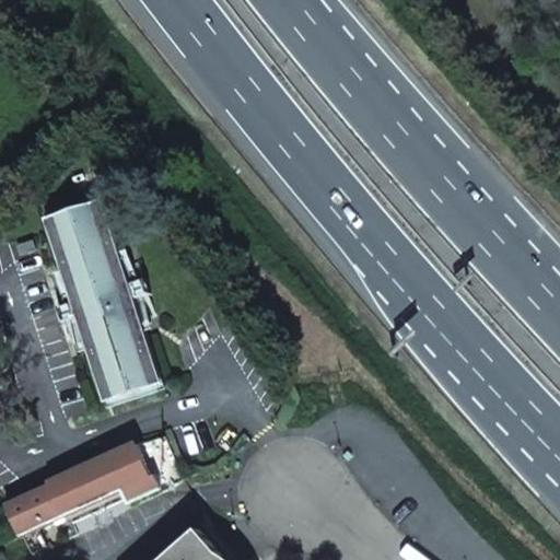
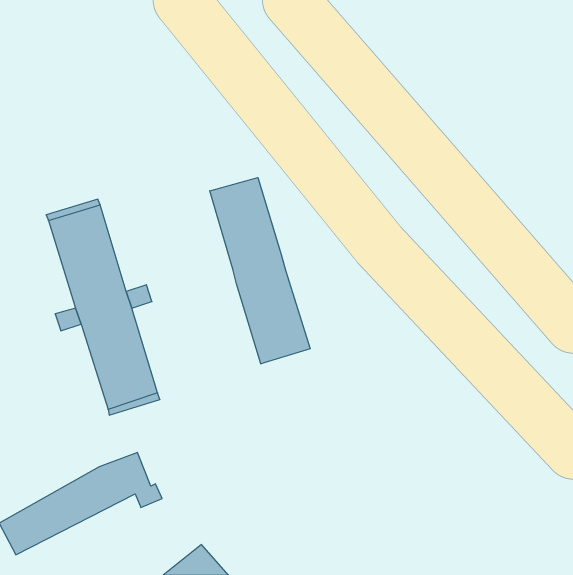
building: none -> [210,178,310,364]

